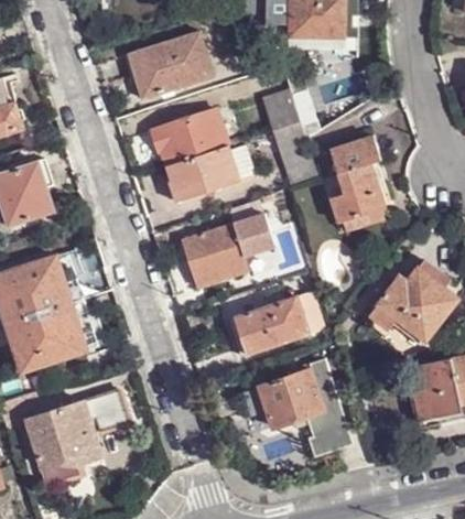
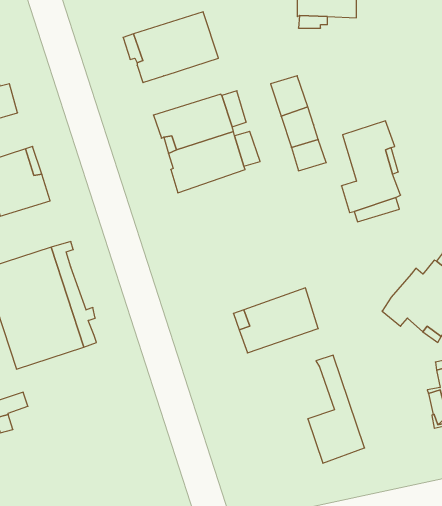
building: [181,214,272,286] -> none
building: [257,369,323,426] -> none
building: [28,390,128,484] -> none

